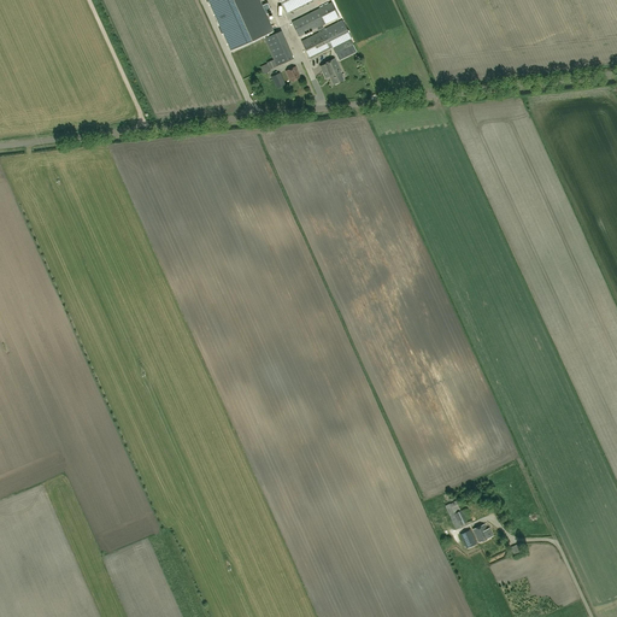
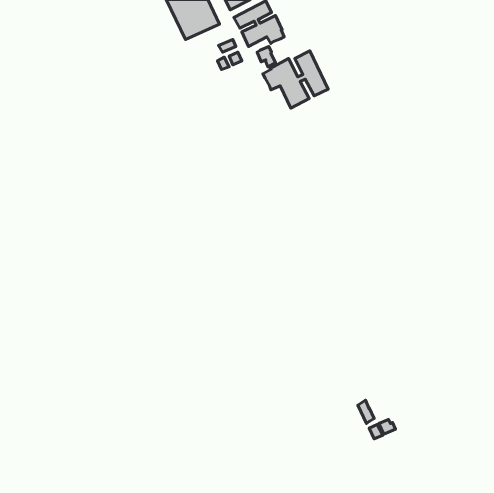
building: none -> [263,51,328,108]

